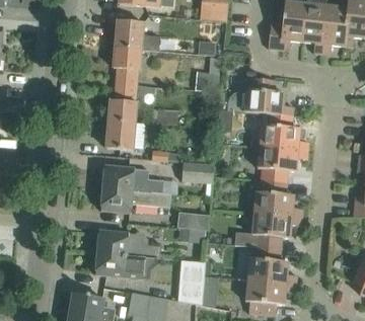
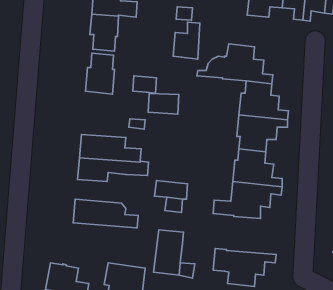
building: [106,124,135,150] -> none
building: [181,163,212,183] -> [148,93,179,114]
building: [247,247,296,285] -> none
building: [95,253,158,279] -> none

